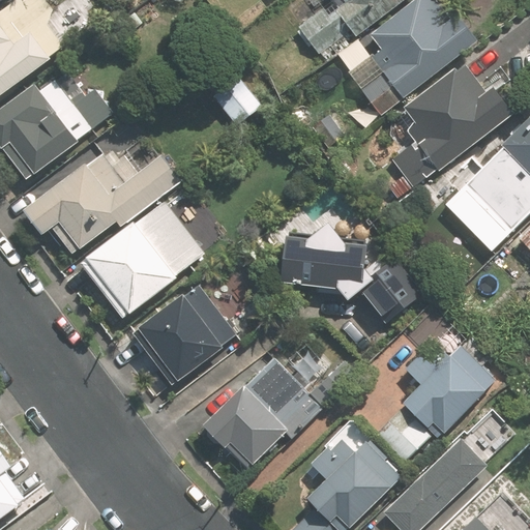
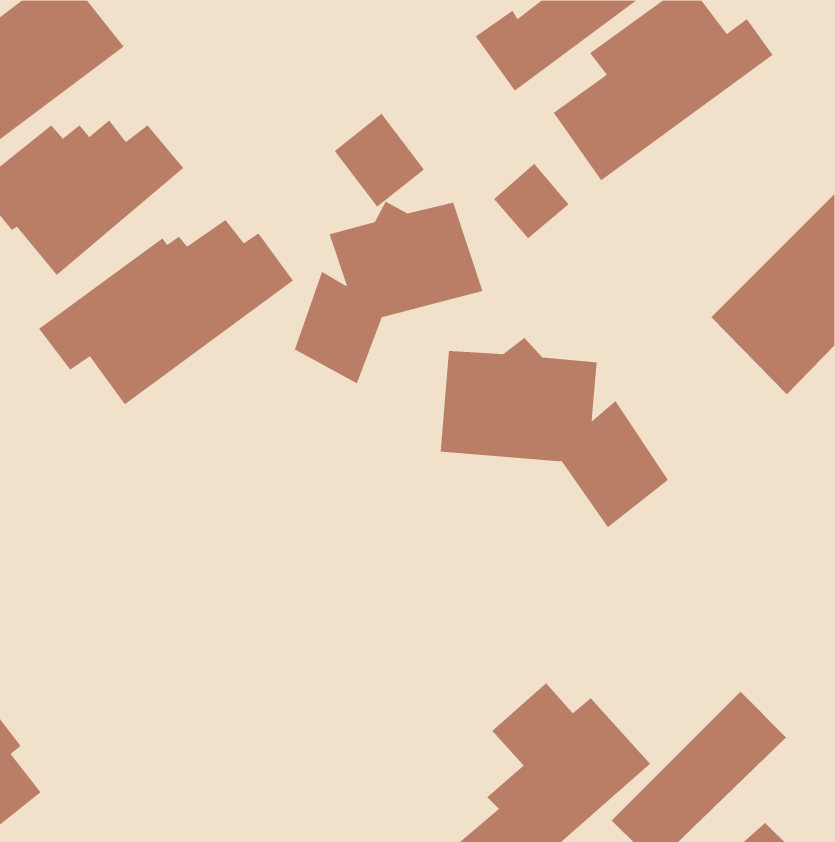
building: [388,62,517,190] -> none
building: none -> [294,201,483,384]
building: [79,201,206,320] -> none
building: [140,293,233,382] -> none
building: [400,330,498,434] -> none
building: [201,354,348,464] -> none

